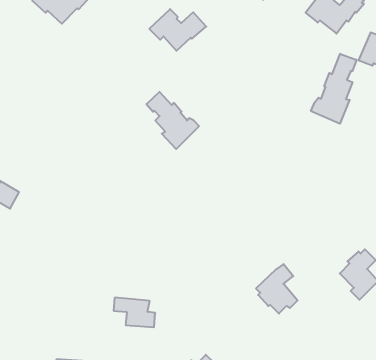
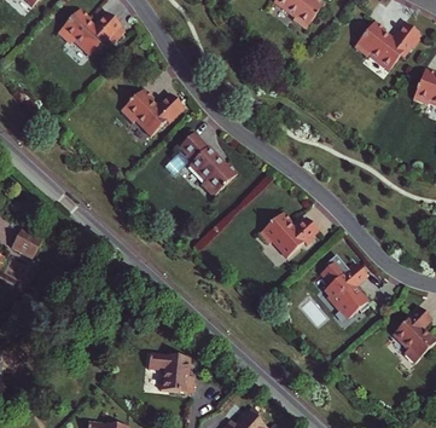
building: [149,9,206,51] -> [122,89,185,135]
building: [311,54,356,124] -> none
building: none -> [261,210,319,255]
building: [256,264,298,314] -> [325,264,371,318]

